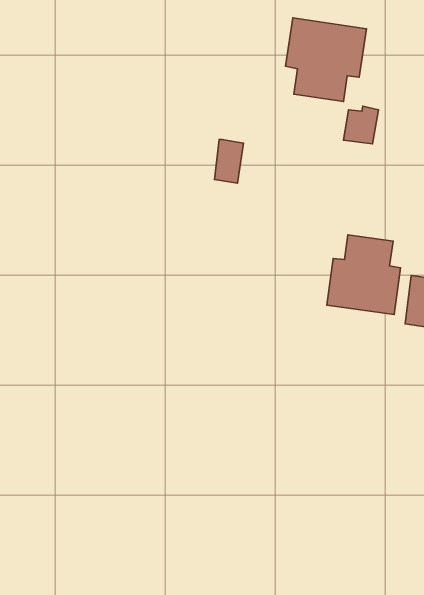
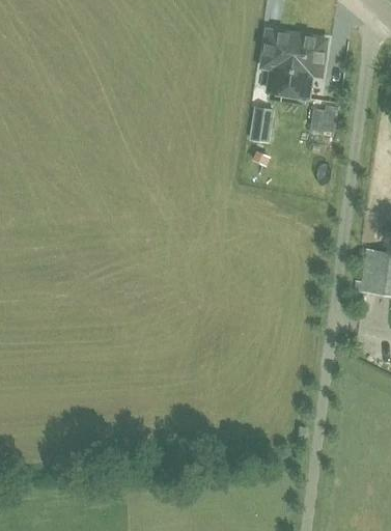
building: [214,140,243,183] -> [250,105,275,142]
building: [327,235,400,315] -> none

